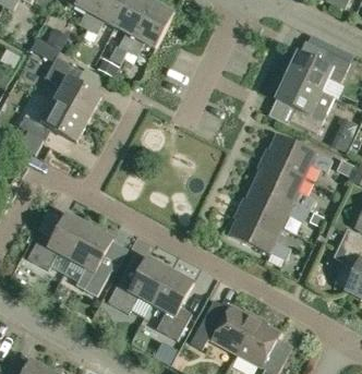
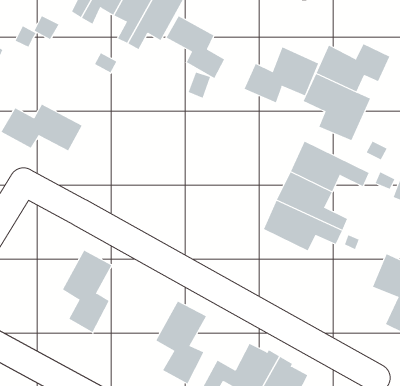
building: none -> [166,15,225,79]
building: none -> [244,47,319,103]
building: [45,55,101,119] -> none
building: [230,207,291,258] -> none
building: [27,212,89,268] -> none
building: [108,256,169,313] -> none

